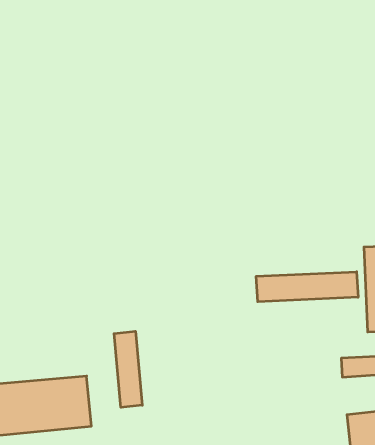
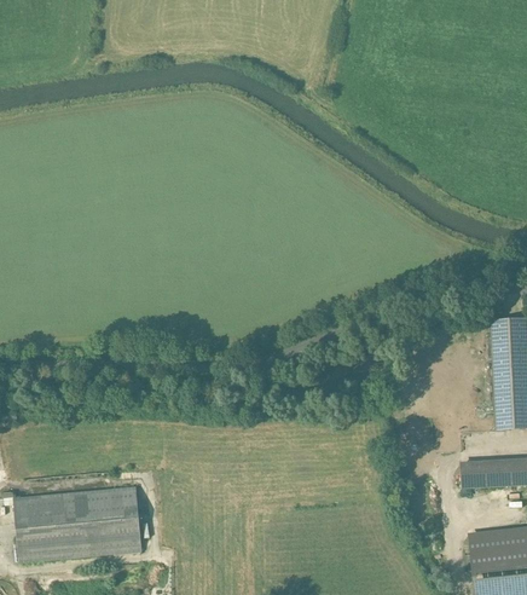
building: [256,272,358,302] -> none
building: [114,331,142,407] -> none

